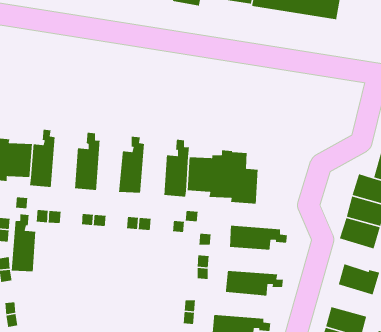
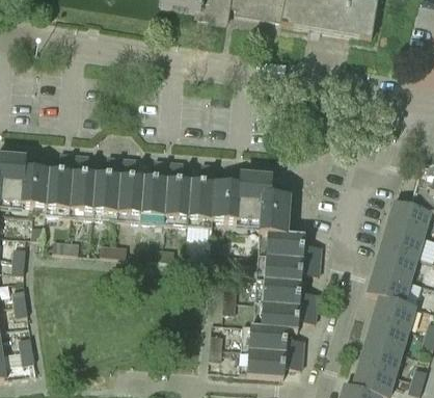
building: none -> [118,157,145,219]
building: none -> [165,160,192,222]
building: none -> [260,230,322,258]
building: [11,213,36,272] -> [71,153,98,215]
building: none -> [369,268,412,302]
building: none -> [256,277,319,306]
building: none -> [367,317,411,350]
building: none -> [242,322,304,352]

